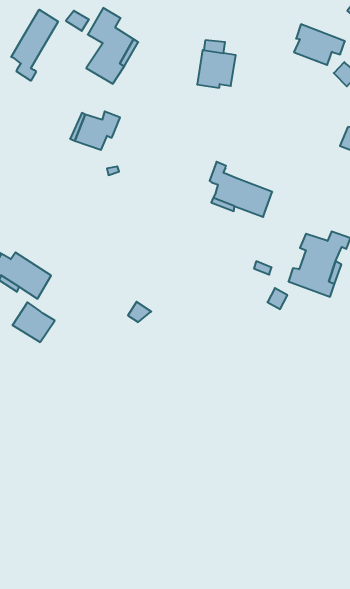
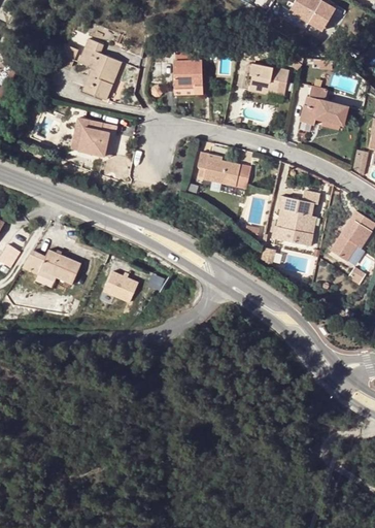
building: [11,10,58,81] -> none
building: [294,24,345,65] -> [249,63,289,93]
building: [12,302,55,342] -> [104,272,138,303]

